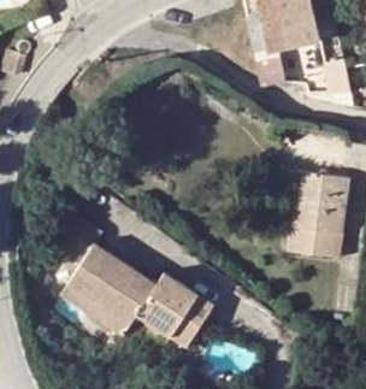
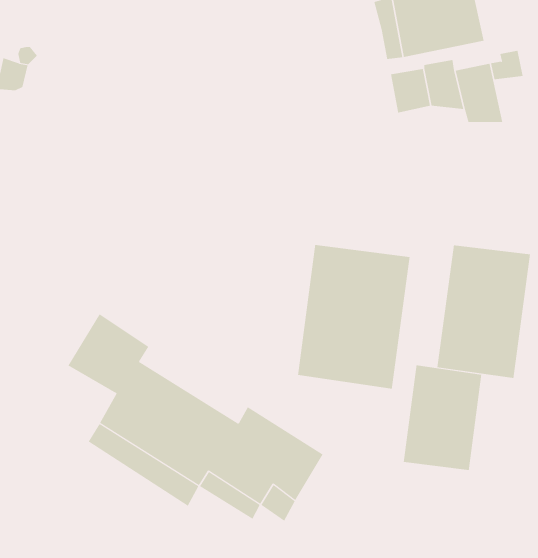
building: none -> [297,244,410,389]
building: none -> [403,364,482,471]

